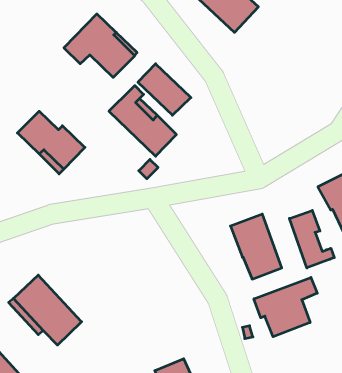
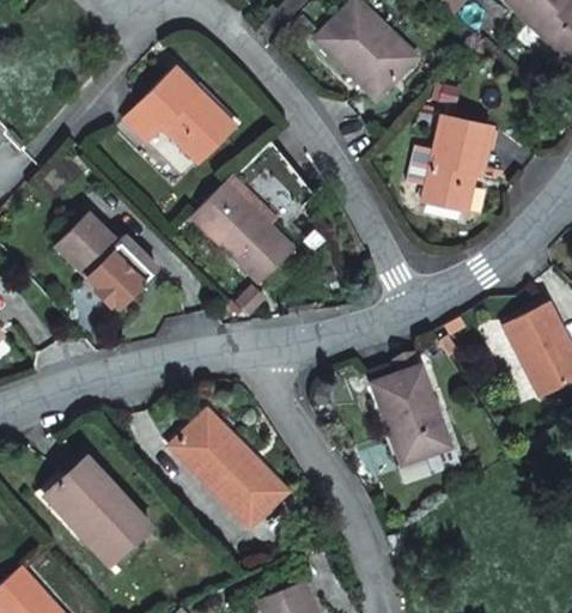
building: none -> [422,115,493,208]
building: [289,210,334,268] -> none
building: none -> [170,412,284,526]
building: [254,277,317,337] -> none

